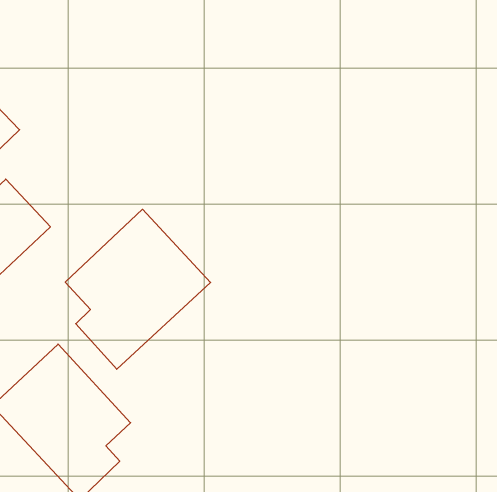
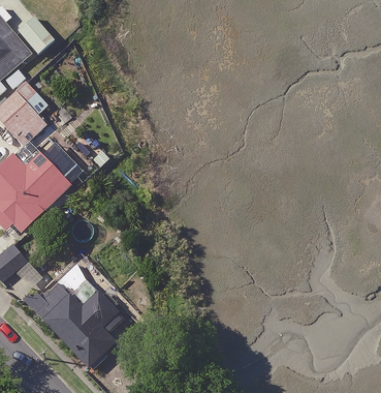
building: [65,209,211,369] -> none

